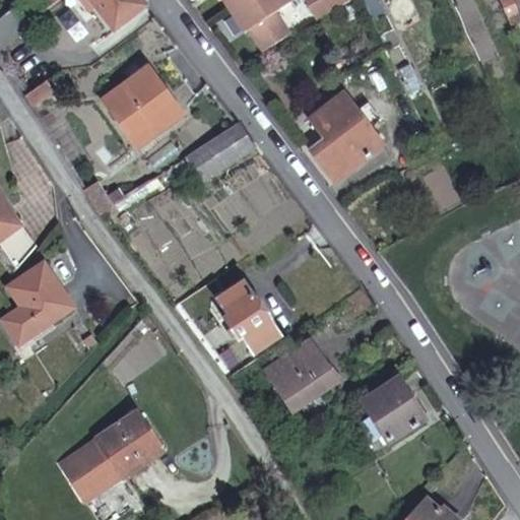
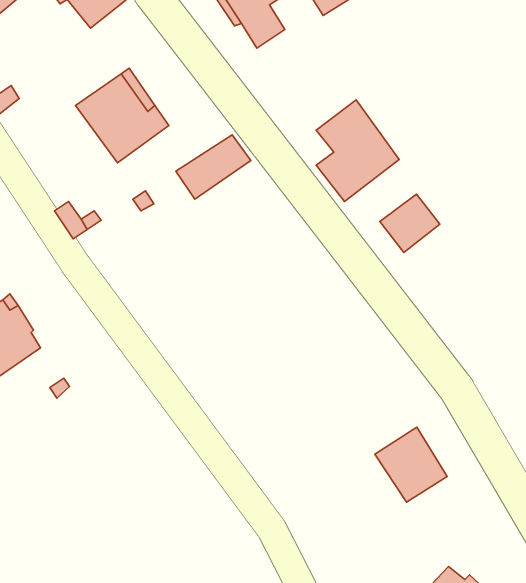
building: none -> [380,194,440,253]
building: [218,281,278,351] -> none
building: [266,340,335,408] -> none
building: [60,412,160,499] -> none

